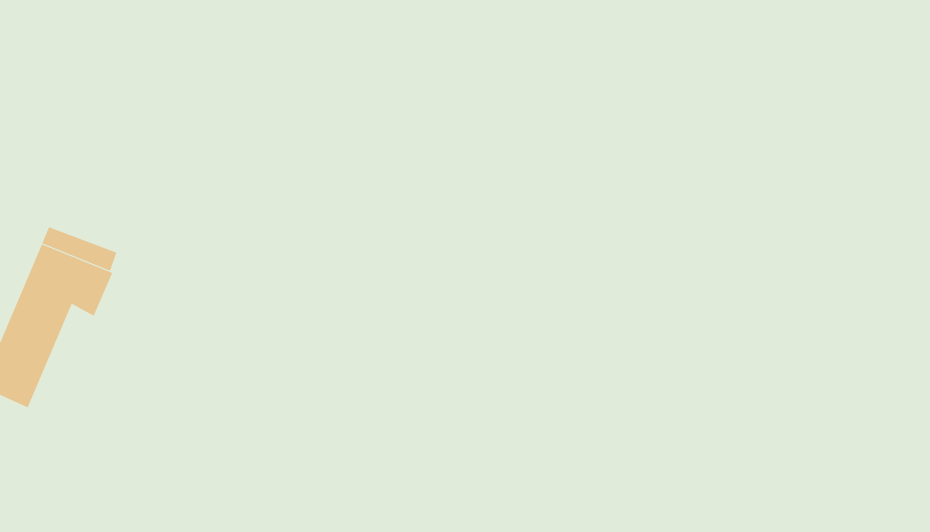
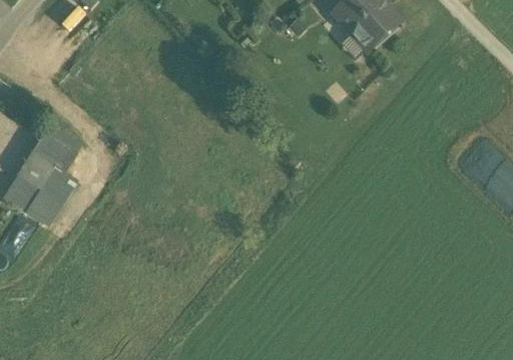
building: none -> [25,162,79,226]

